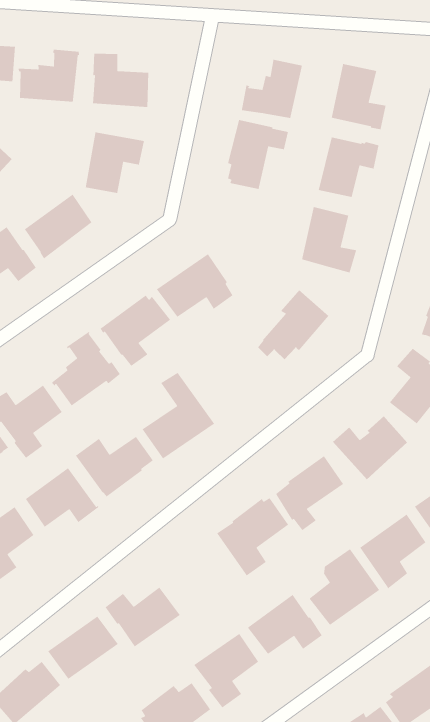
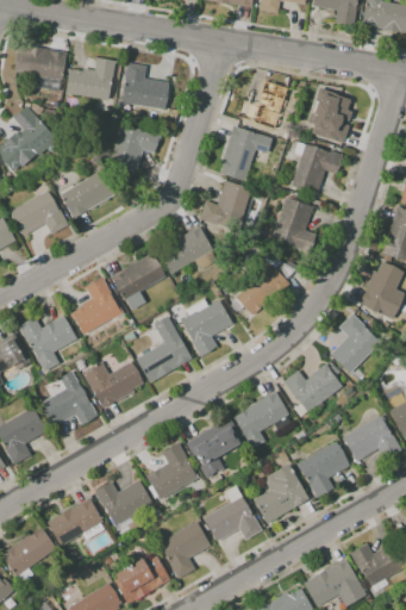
building: none -> [201,179,252,229]
building: none -> [181,299,233,357]
building: none -> [148,443,198,499]

